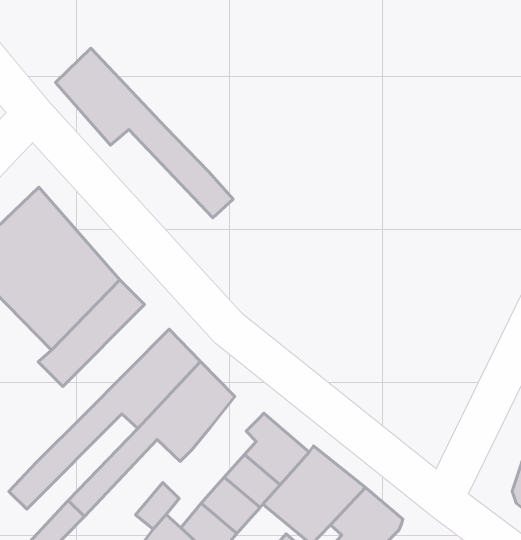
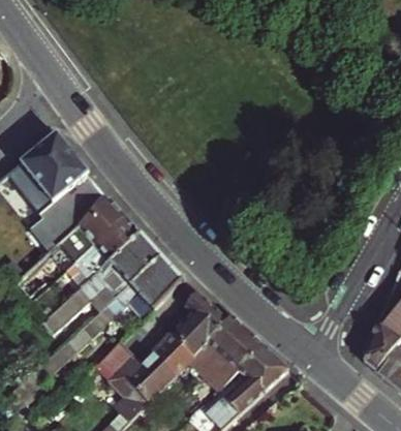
building: [56,48,233,218] -> none
building: none -> [64,216,140,287]

